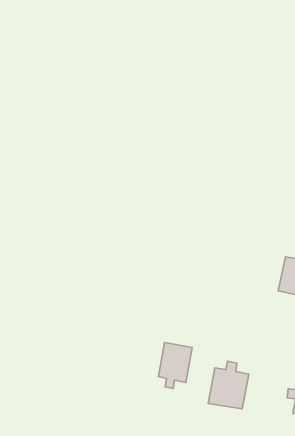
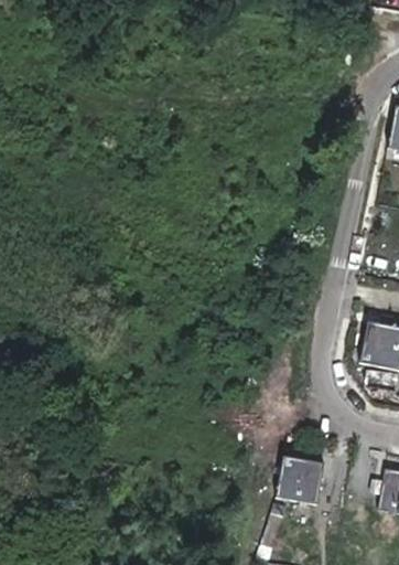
building: [158,343,192,388] -> none

